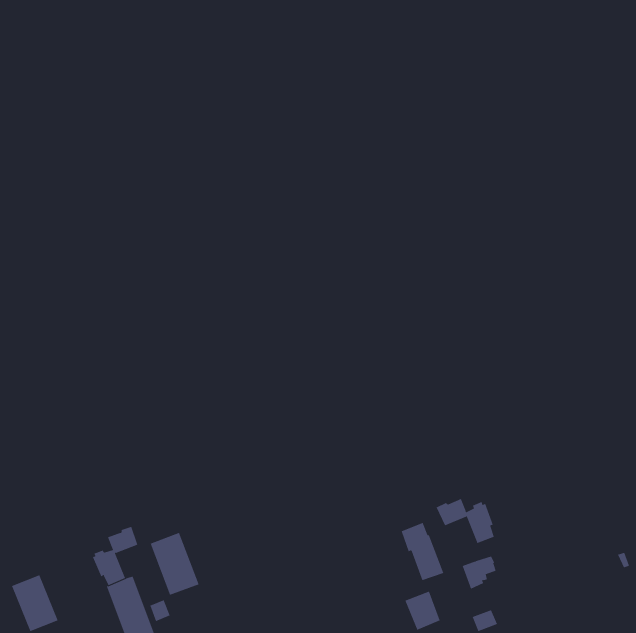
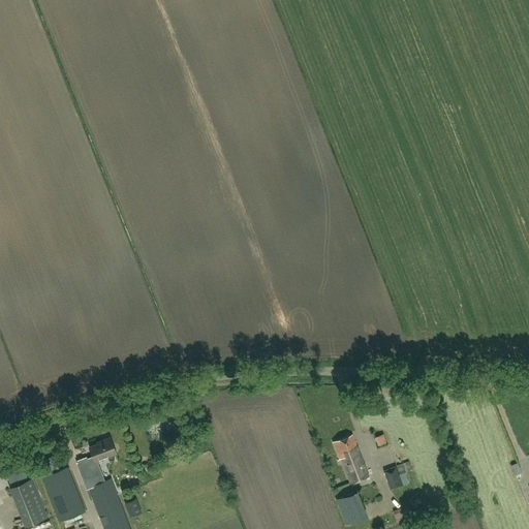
building: [436,498,494,544] -> none
building: [150,532,199,596] -> [42,469,84,522]

